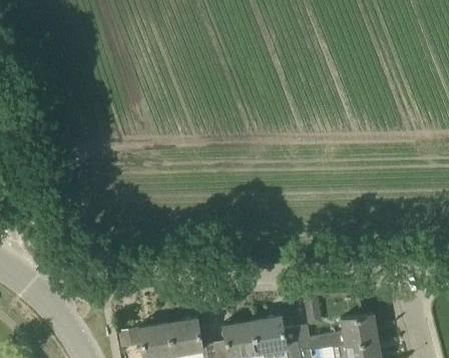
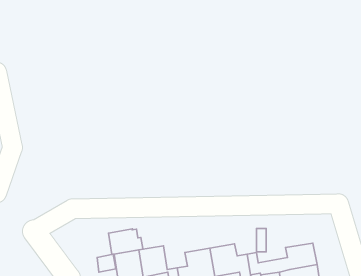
building: none -> [109,229,143,254]

